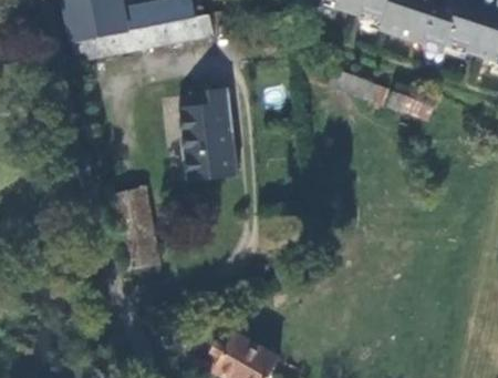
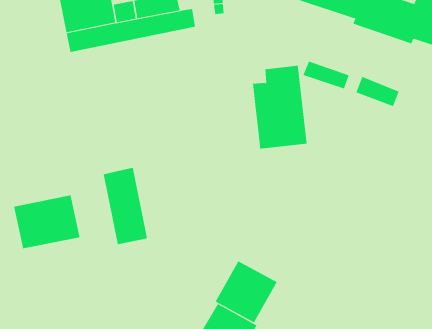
building: [178,89,238,180] -> [252,65,308,149]
building: none -> [13,195,80,249]
building: none -> [215,261,277,323]

